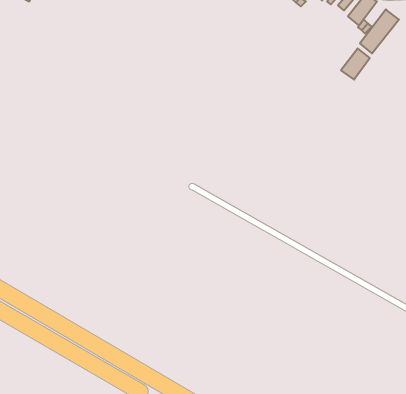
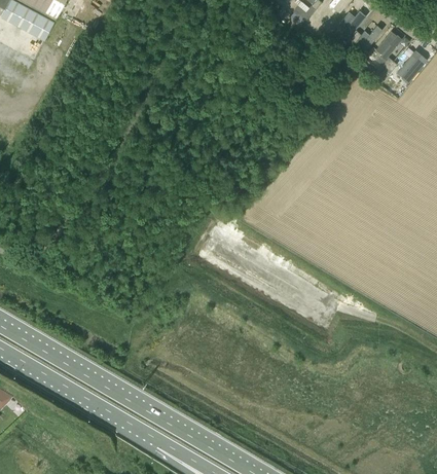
building: [341,48,370,80] -> none

